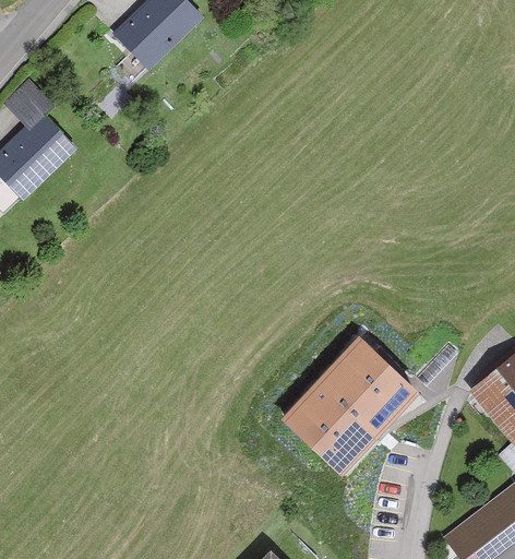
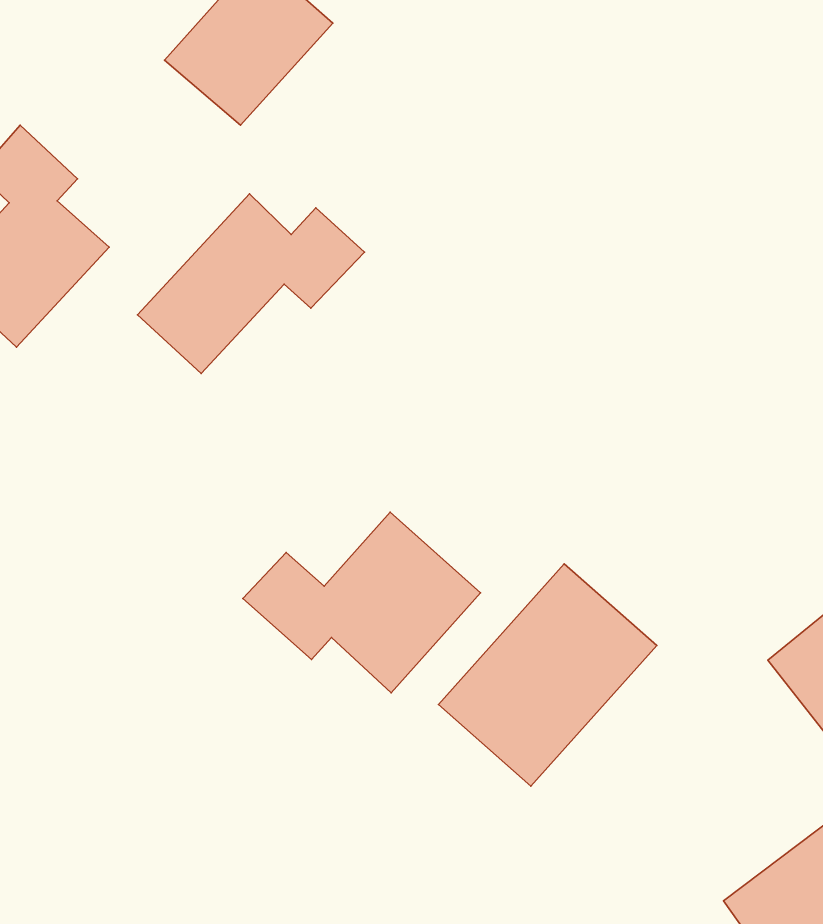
building: none -> [138,194,365,374]
building: none -> [243,512,480,693]

